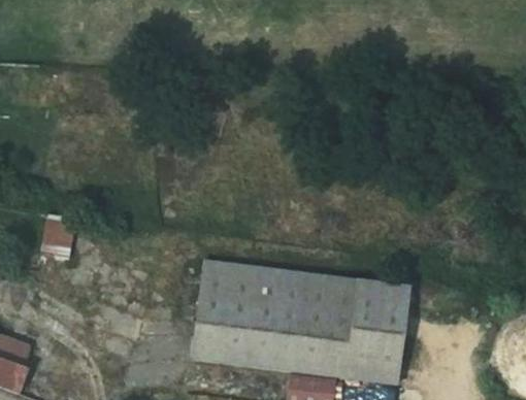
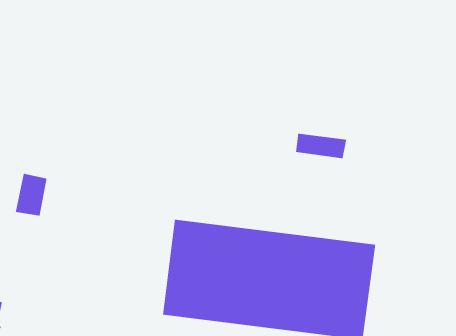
building: none -> [295,133,347,159]

